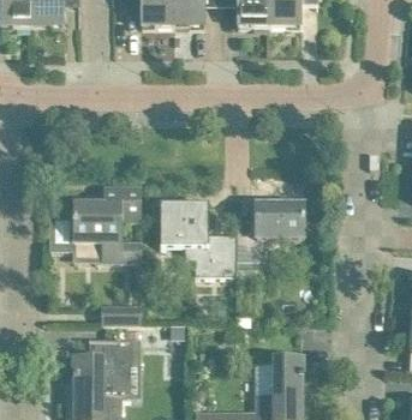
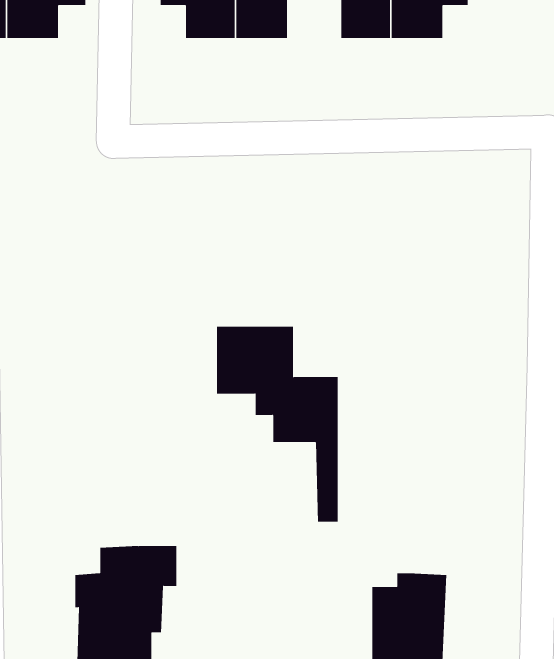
building: [50,186,142,262] -> none
building: [237,203,304,259] -> none
building: [102,305,143,324] -> none

